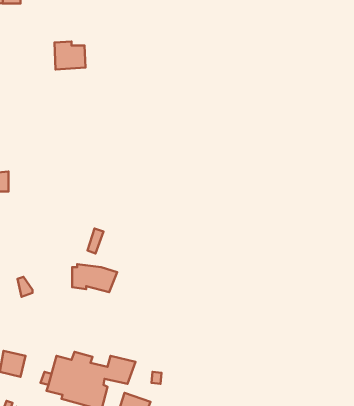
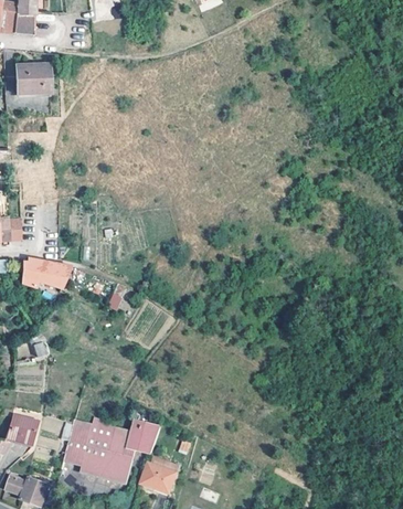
building: [55,42,86,70] -> [17,63,51,94]
building: [72,264,117,292] -> [21,257,71,288]

